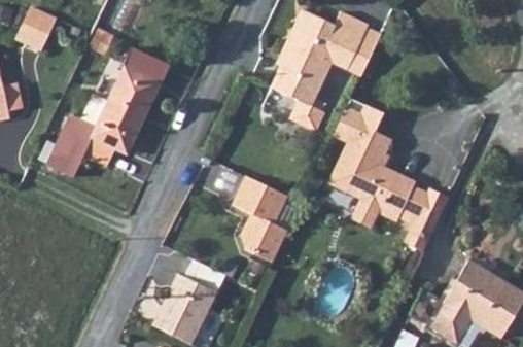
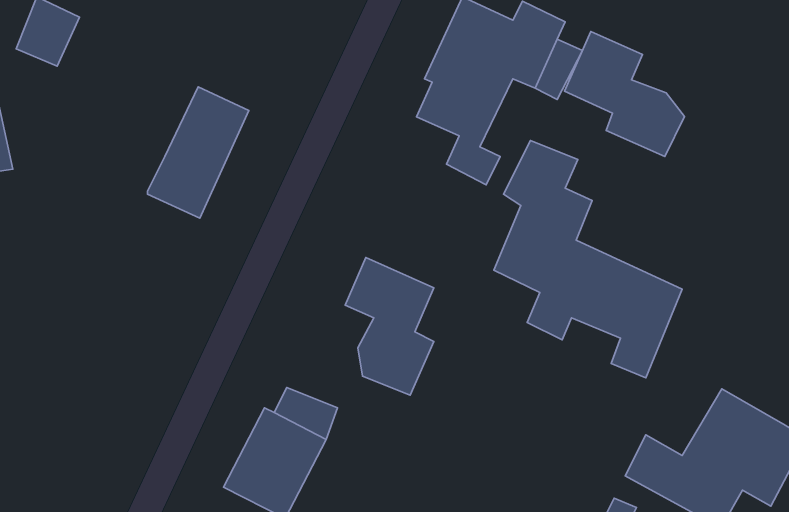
building: none -> [565,31,685,157]
building: [49,119,100,181] -> none

